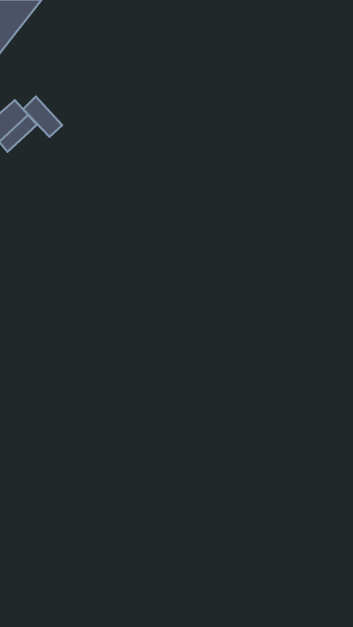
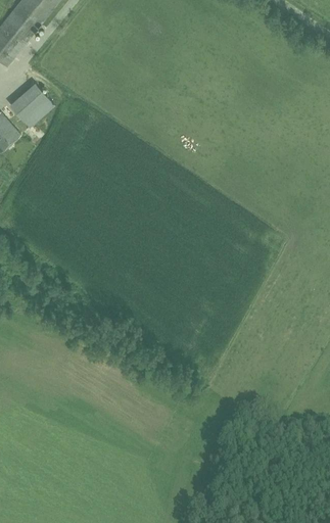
building: [23,97,62,137] -> none

